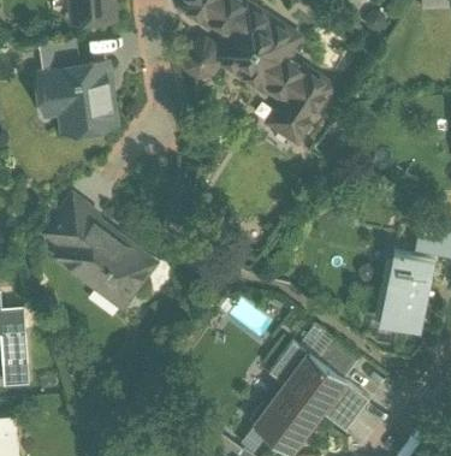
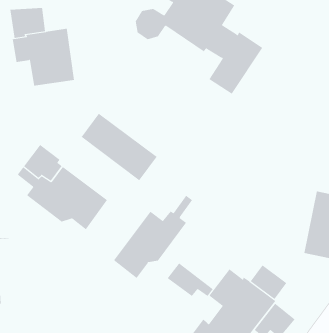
building: none -> [81,113,157,181]
building: none -> [113,195,193,279]
building: none -> [167,262,213,297]

